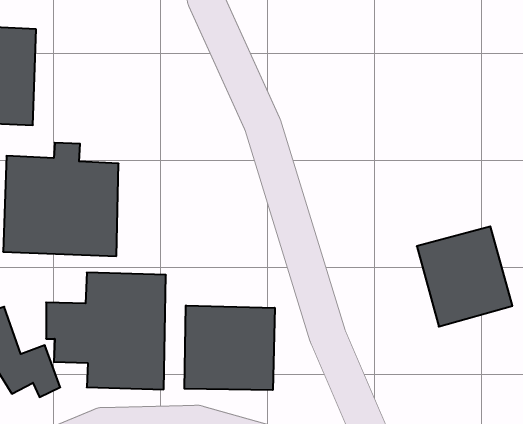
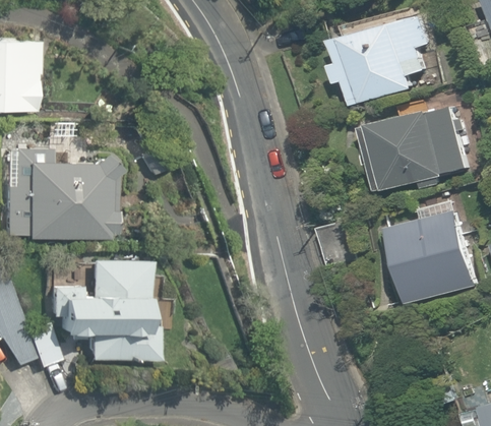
building: none -> [326,15,440,106]
building: none -> [364,112,465,193]
building: [184,305,275,390] -> none

